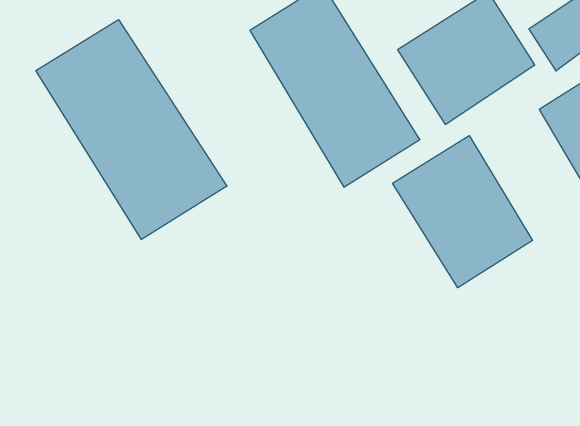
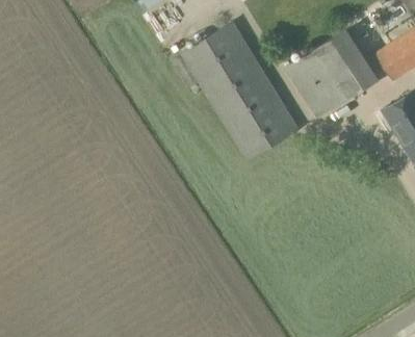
building: [36,20,227,240] -> none
building: [393,136,532,288] -> none

